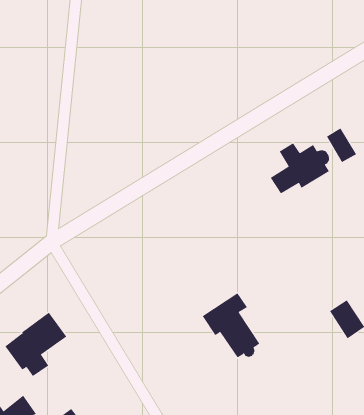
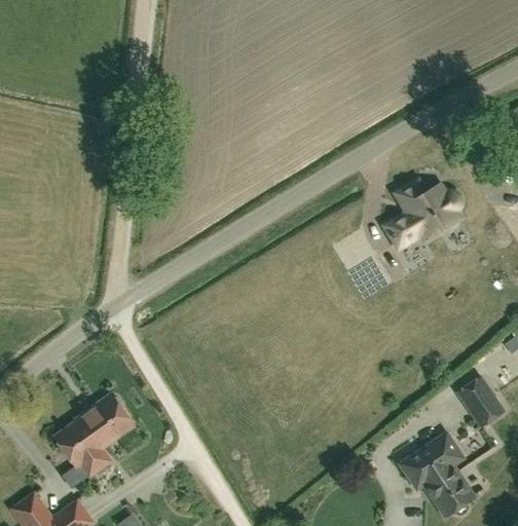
building: [326,127,357,163] -> none
building: [202,292,260,358] -> [401,435,474,517]

